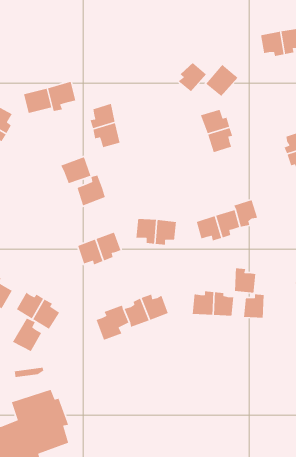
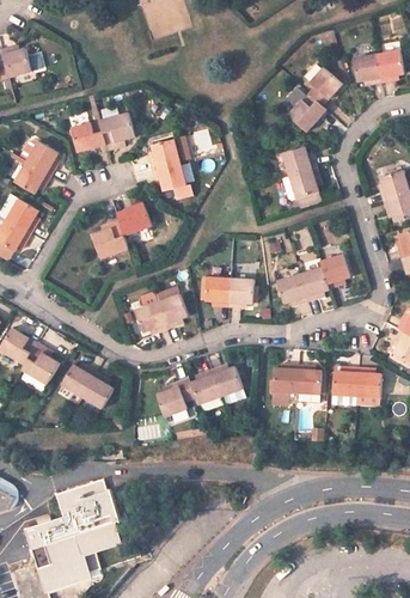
building: [178,62,207,92] -> [306,69,341,105]
building: [77,174,106,207] -> [92,220,127,258]
building: [234,267,256,294] -> [355,367,381,398]
building: [12,318,42,352] -> none

